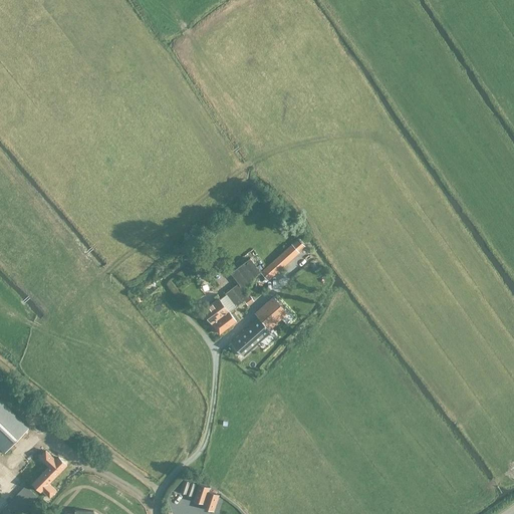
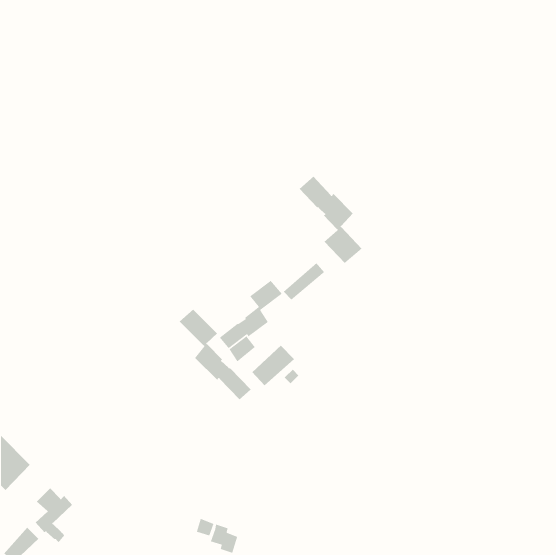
building: none -> [299,176,363,264]
building: none -> [179,309,251,400]
building: [256,294,290,328] -> none

